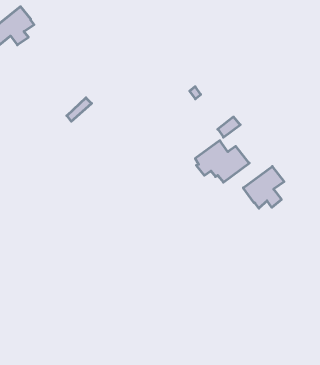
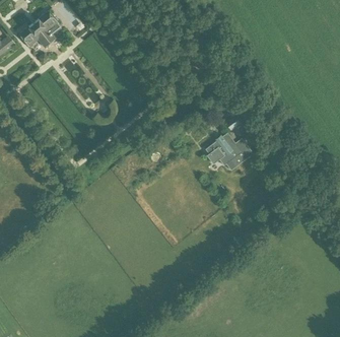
building: [243,166,284,208] -> none

